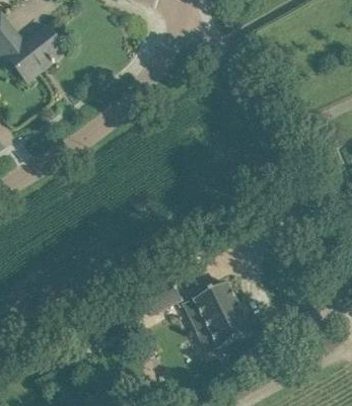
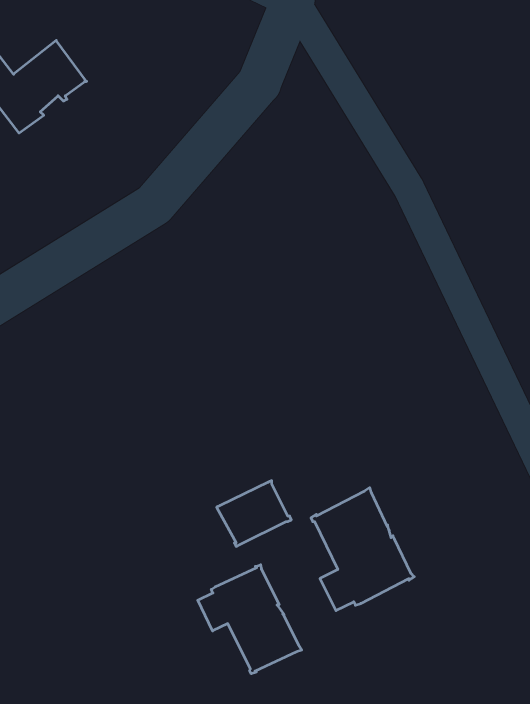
building: none -> [198,565,302,674]

